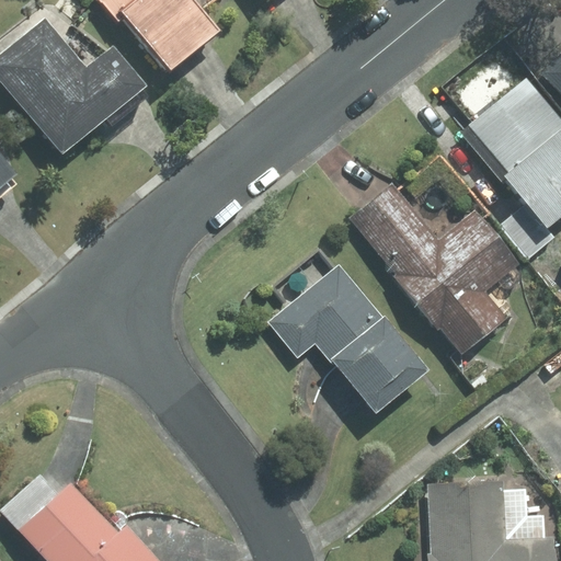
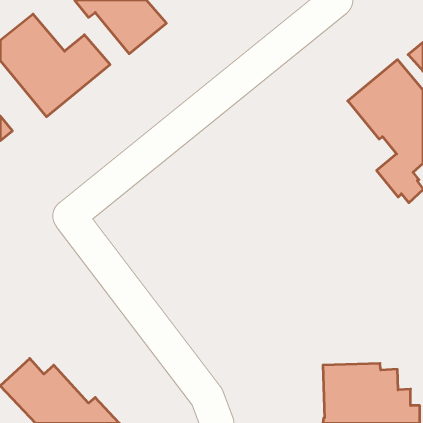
building: [350,184,519,354] -> none
building: [267,264,428,414] -> none

